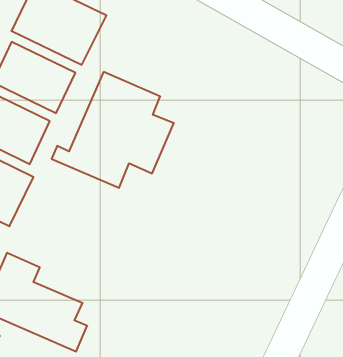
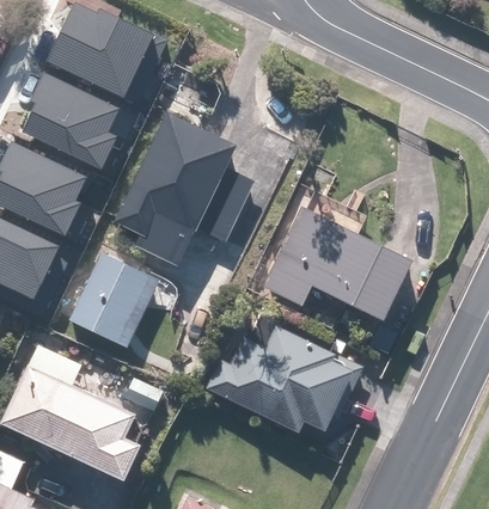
building: none -> [261,207,416,321]
building: none -> [62,251,159,351]
building: none -> [206,315,356,434]

